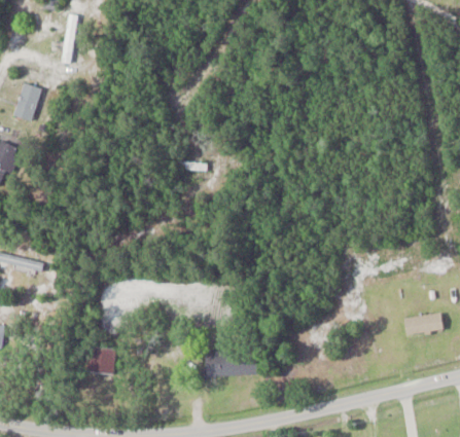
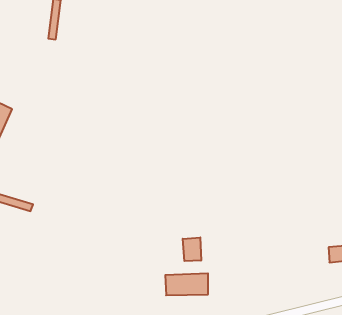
building: [13,83,42,122] -> none
building: none -> [183,237,201,261]
building: [87,347,116,374] -> none

